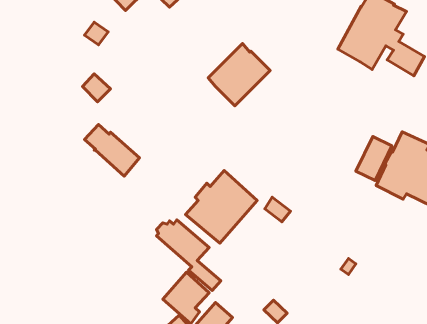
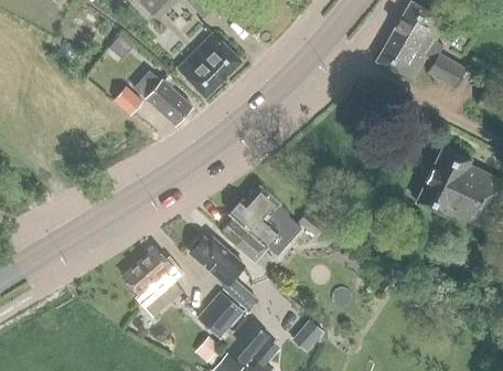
building: [208,44,270,106] -> [178,33,242,97]
building: [85,125,139,176] -> [135,72,191,125]
building: [356,137,392,180] -> none
building: none -> [122,247,183,307]

